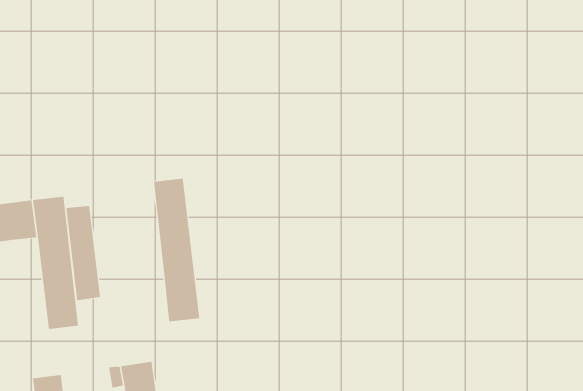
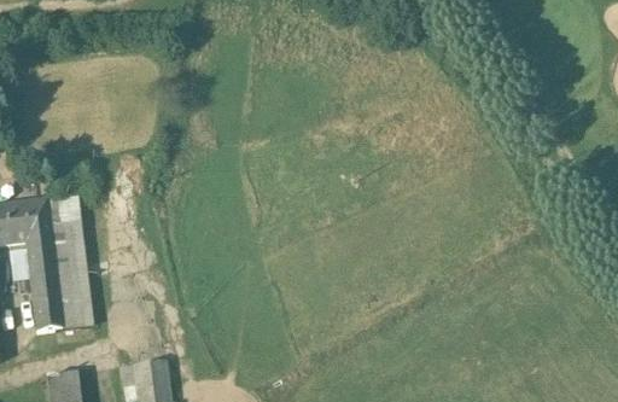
building: [153,178,200,322] -> none
building: [65,205,101,301] -> [27,235,62,330]

